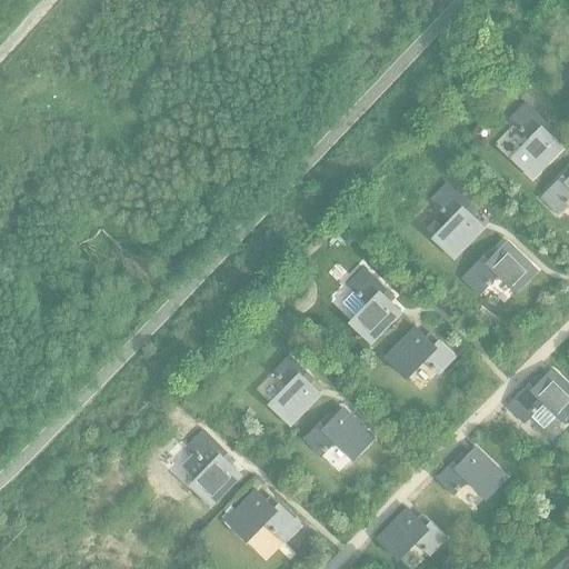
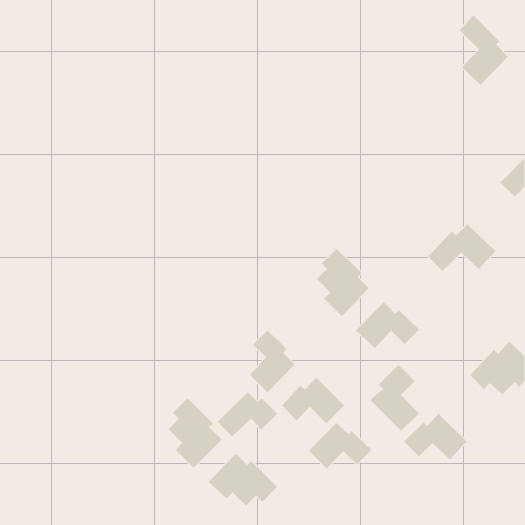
building: [508,101,561,178] -> [459,15,508,86]
building: [429,182,482,258] -> none
building: none -> [369,364,420,432]
building: none -> [217,391,278,437]
building: [376,507,445,558] -> [308,422,372,469]

